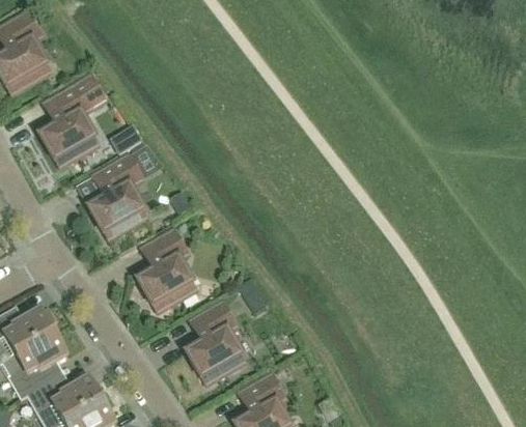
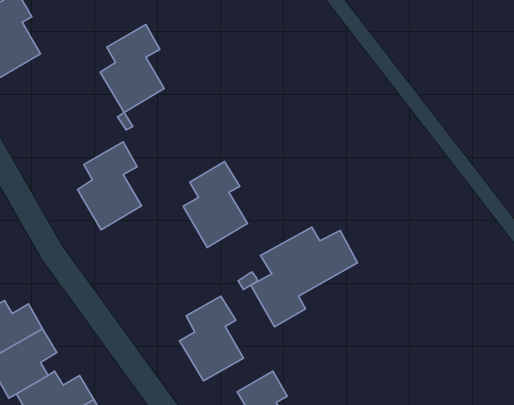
building: [38,82,100,166] -> [100,24,164,112]
building: [136,229,197,311] -> [183,162,247,247]
building: none -> [251,227,358,327]

